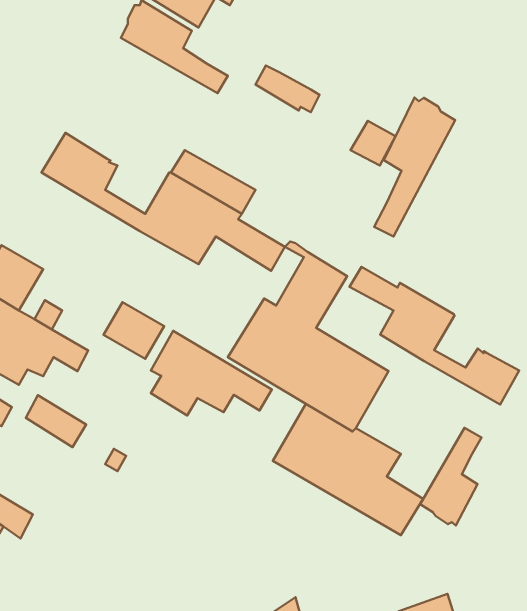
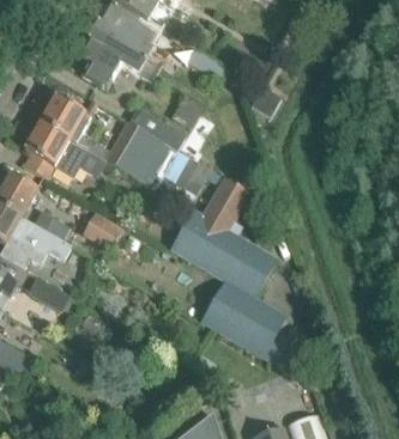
building: none -> [78,28,161,87]
building: [374,97,455,237] -> none
building: [350,267,519,404] -> none
building: [151,331,272,416] -> [23,121,107,179]
building: [420,428,481,526] -> none

